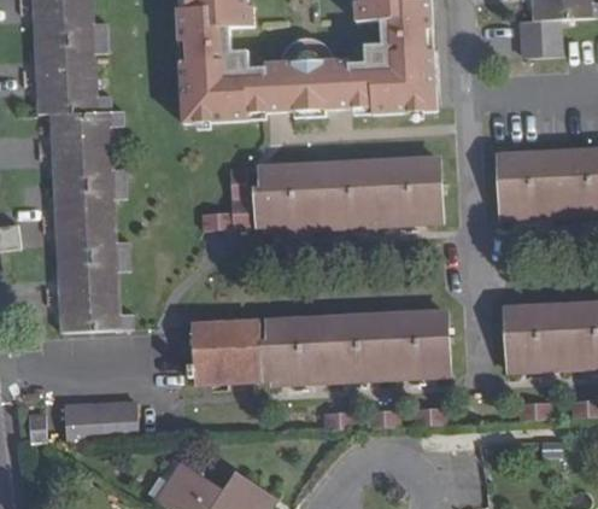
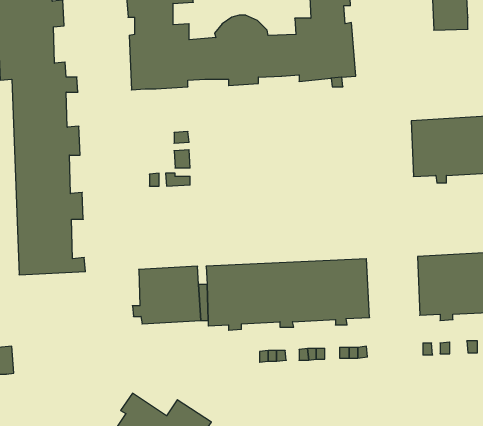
building: [259,158,445,235] -> none
building: [65,399,141,439] -> none

